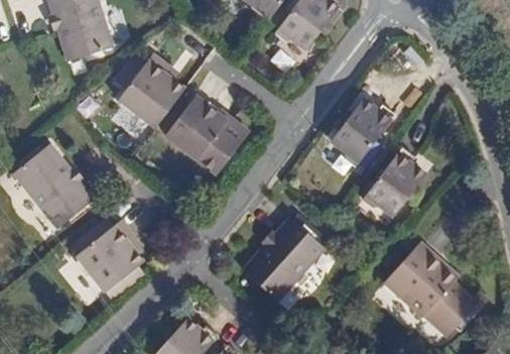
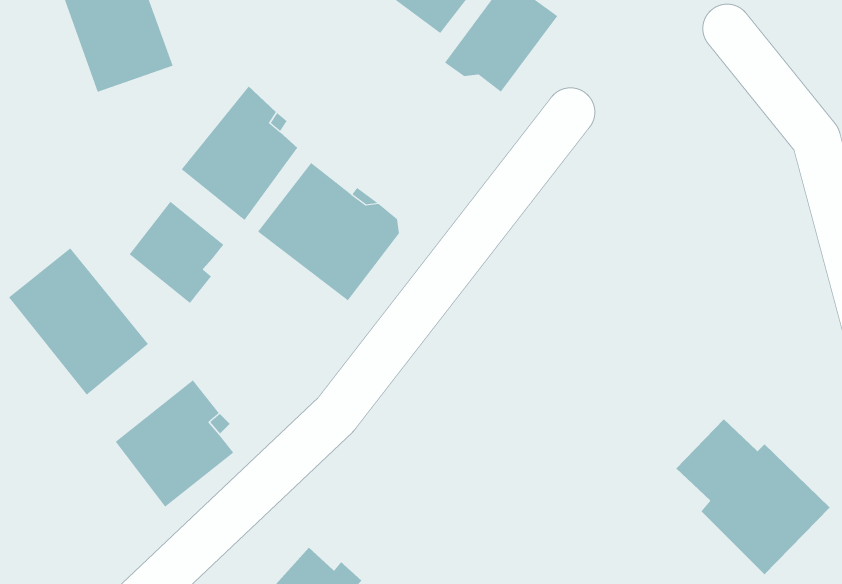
building: [328,100,392,168] -> none
building: none -> [129,201,224,304]
building: [358,154,421,223] -> none
building: [237,211,318,293] -> none

